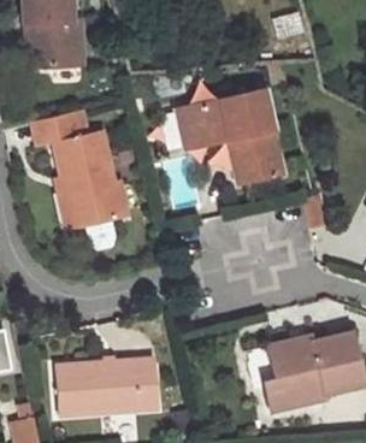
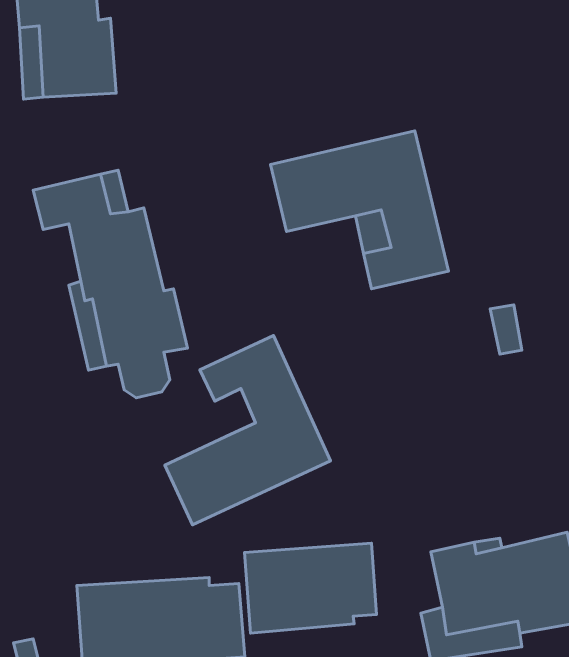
building: none -> [165,336,331,525]
building: none -> [244,543,376,633]

